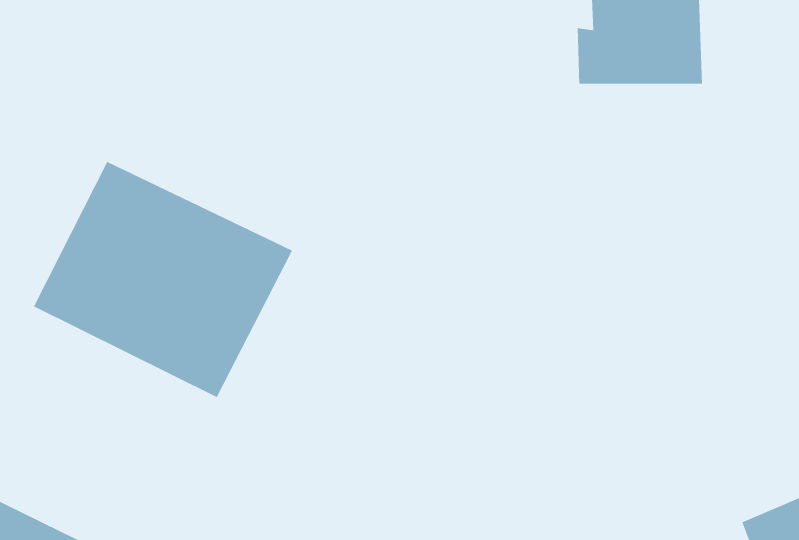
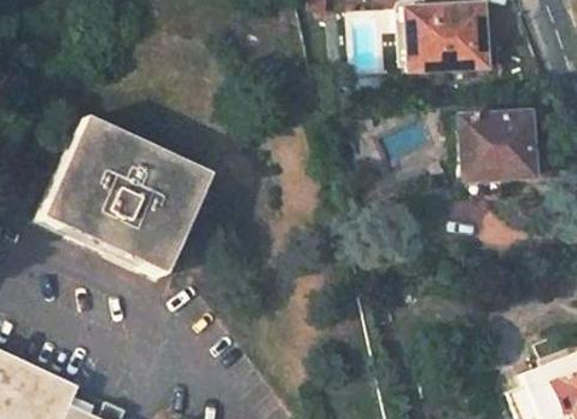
building: none -> [462,111,530,193]

